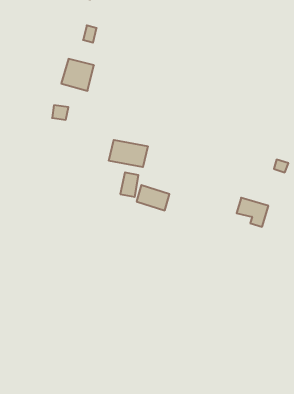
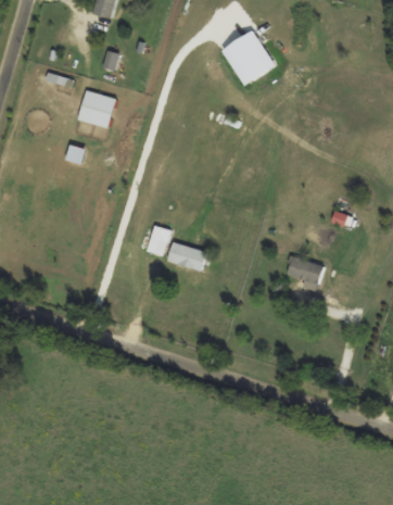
building: none -> [221,30,274,85]
building: [109,140,148,167] -> none

